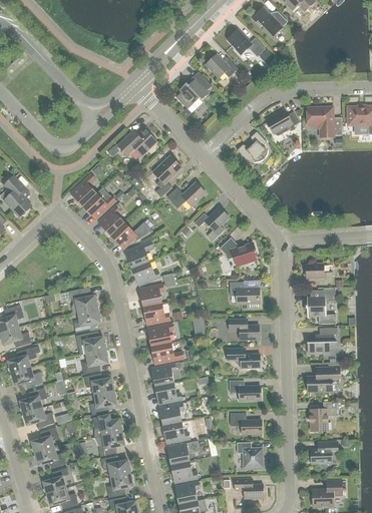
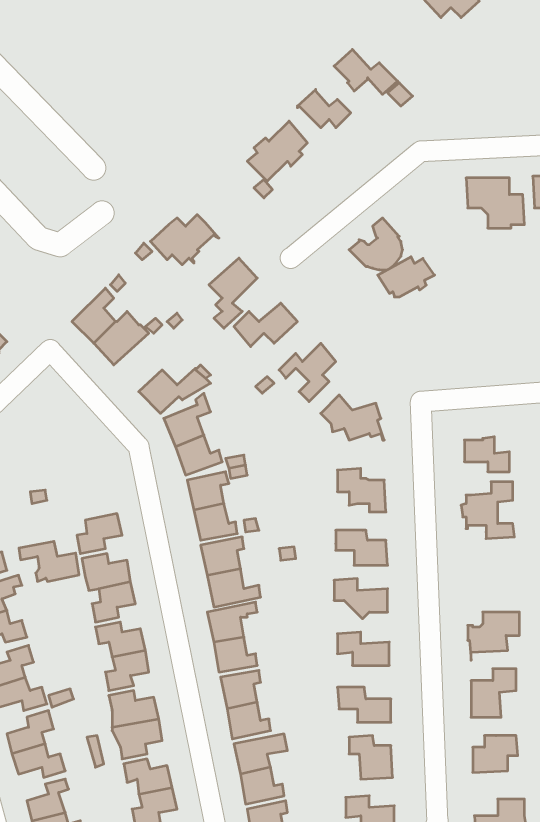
building: [252,7,287,37] -> none
building: [266,111,300,135] -> [378,257,435,297]
building: [98,206,124,235] -> none
building: [61,289,97,313] -> [19,541,79,581]
building: [307,328,338,355] -> none

